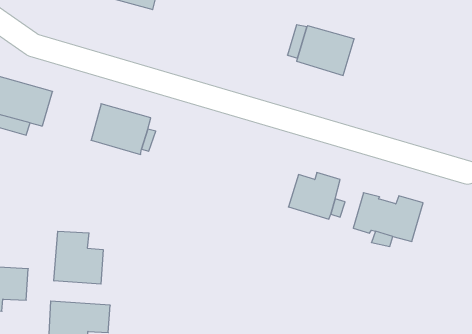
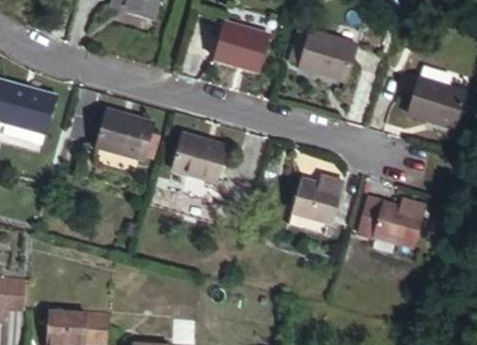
building: none -> [212,25,267,71]
building: none -> [407,79,465,128]
building: none -> [169,136,224,181]
building: [54,231,103,284] -> none

